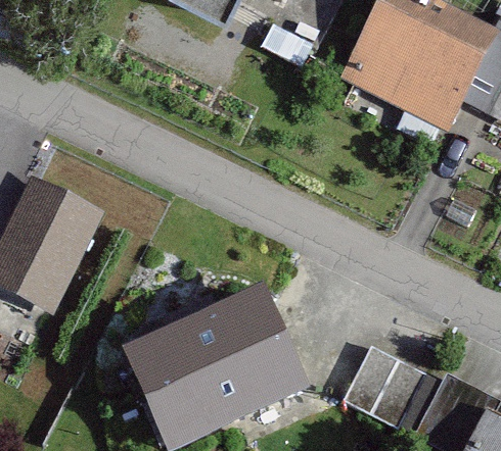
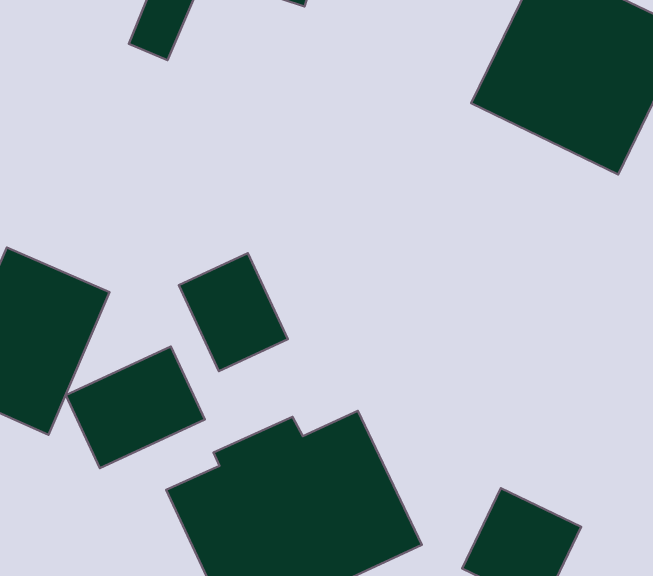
building: none -> [179,253,288,371]
building: none -> [66,346,205,468]

